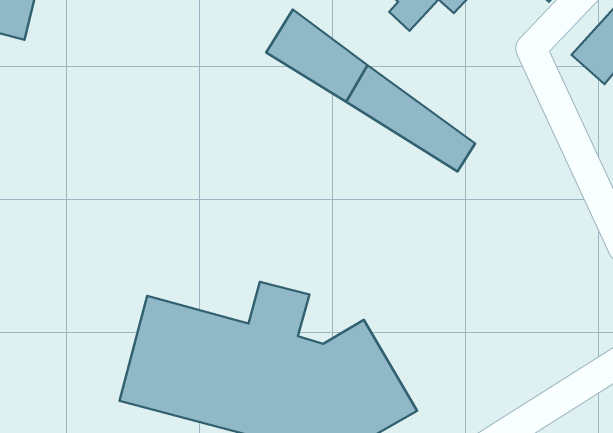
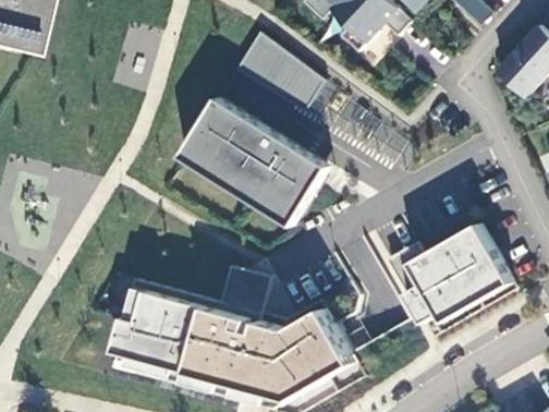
building: none -> [180,94,330,226]
building: none -> [388,221,516,335]

